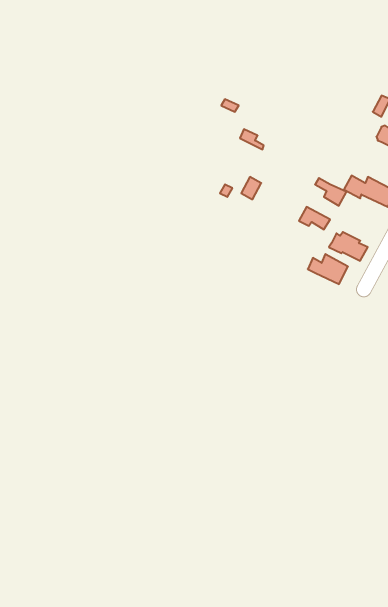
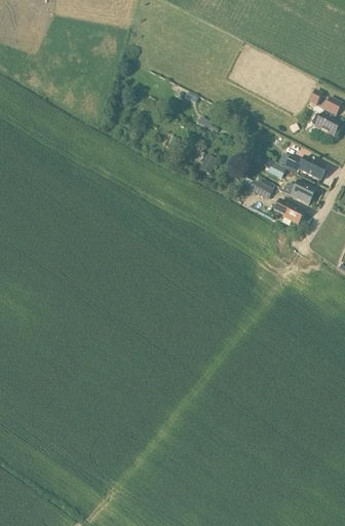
building: [308,254,348,284] -> [283,179,316,203]

